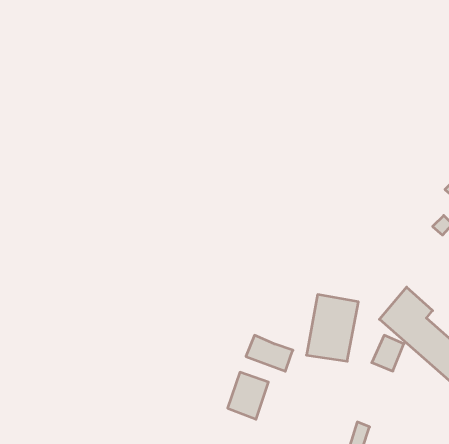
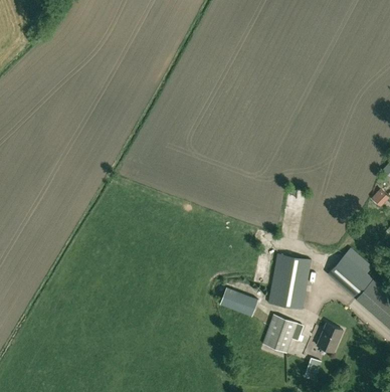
building: [372,335,404,371] -> [317,324,343,353]
building: [228,372,268,419] -> [263,315,297,353]

